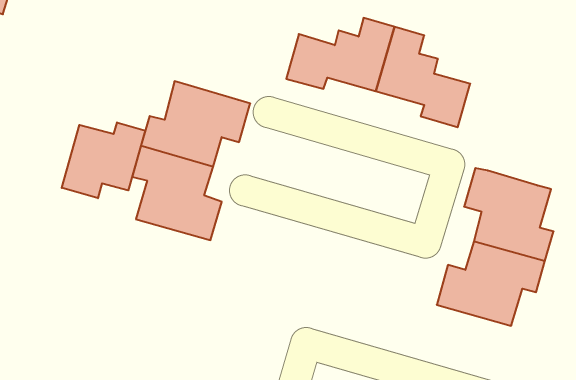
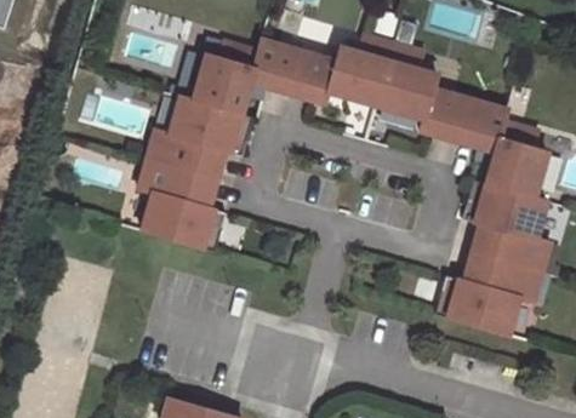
building: none -> [192,38,300,113]
building: none -> [455,97,546,196]
building: [62,122,145,198] -> none

